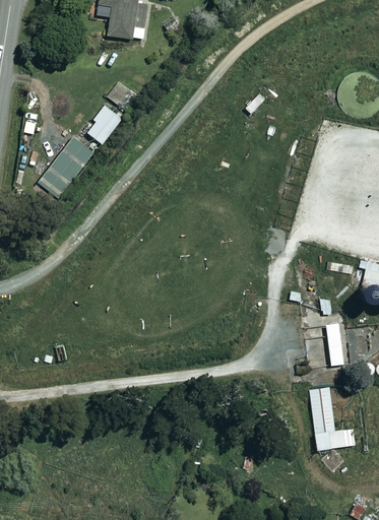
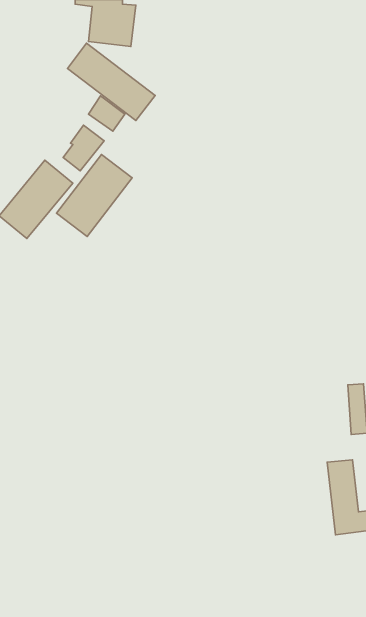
building: none -> [67,43,155,121]
building: none -> [57,154,132,237]

